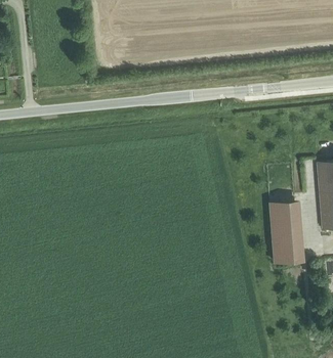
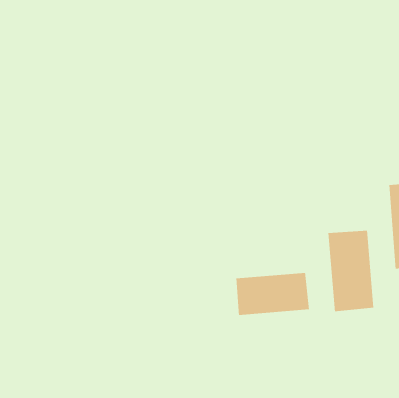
building: none -> [236,272,309,316]

